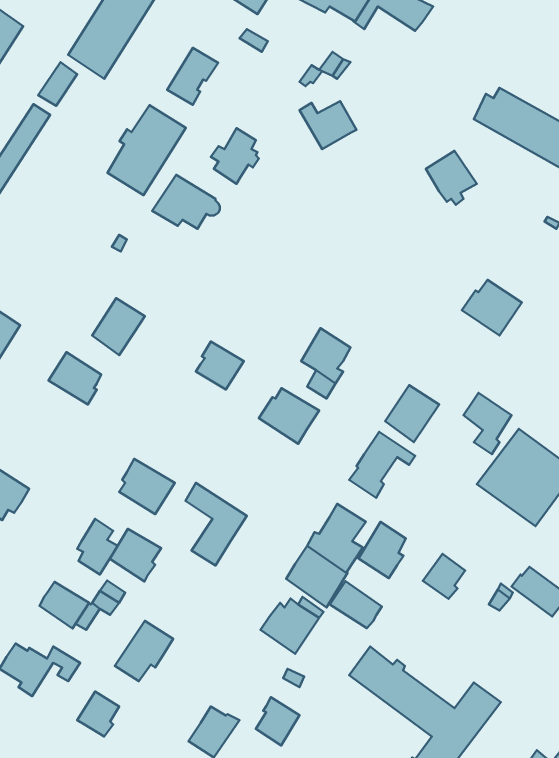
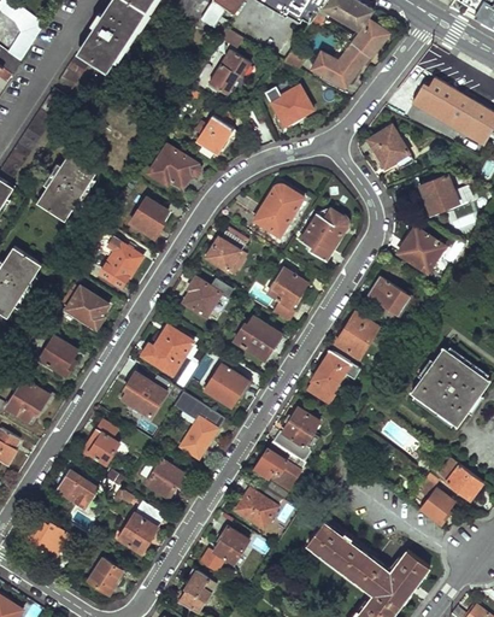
building: none -> [313,22,384,83]
building: [167,48,218,105] -> [210,49,251,95]
building: [108,105,186,195] -> [39,149,101,222]
building: none -> [419,176,458,215]
building: none -> [254,184,304,236]
building: none -> [130,199,167,239]
building: none -> [300,208,346,262]
building: none -> [206,230,247,275]
building: [463,393,511,454] -> [367,277,406,327]
building: none -> [143,327,193,375]
building: none -> [39,336,76,376]
building: none -> [205,365,246,407]
building: [358,522,406,578] -> none
building: [110,529,161,581] -> [147,459,188,501]
building: [423,554,465,599] -> [421,488,454,524]
building: [330,581,382,628] -> none
building: [256,697,299,745] -> [213,527,248,565]

